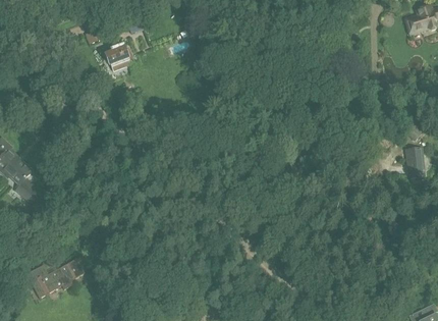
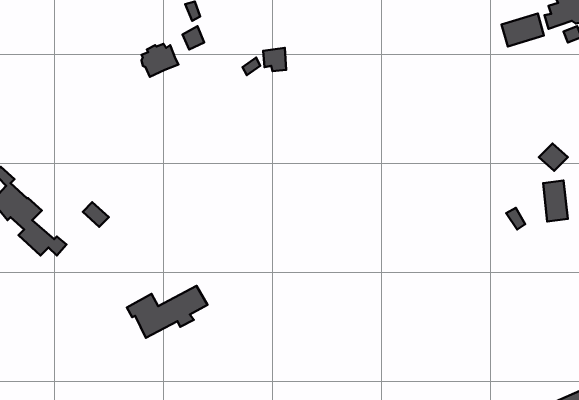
building: none -> [502,14,544,46]
building: [23,258,84,297] -> [127,286,207,338]

